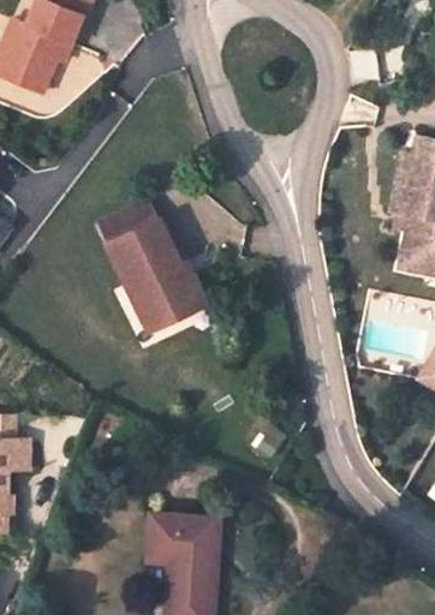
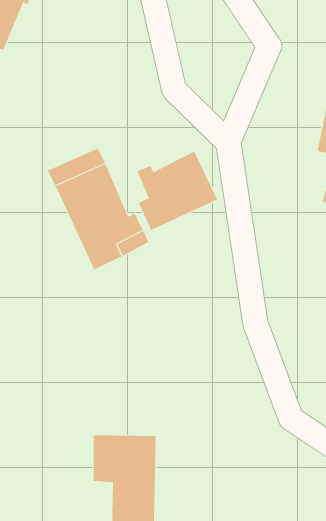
building: none -> [137,151,218,231]

